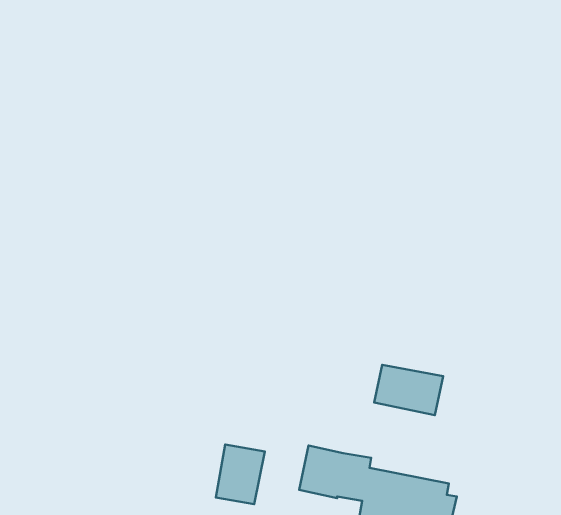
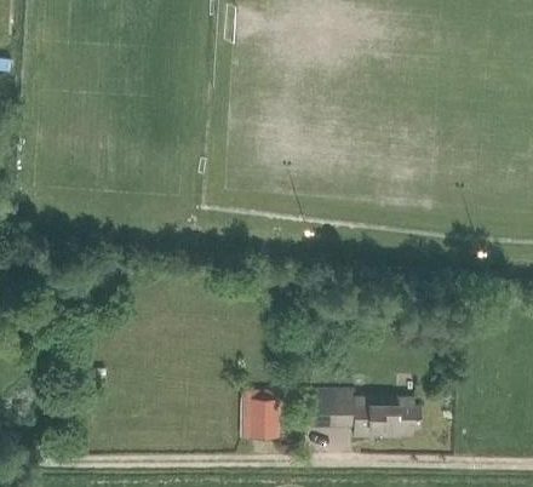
building: [374,365,443,415] -> none

